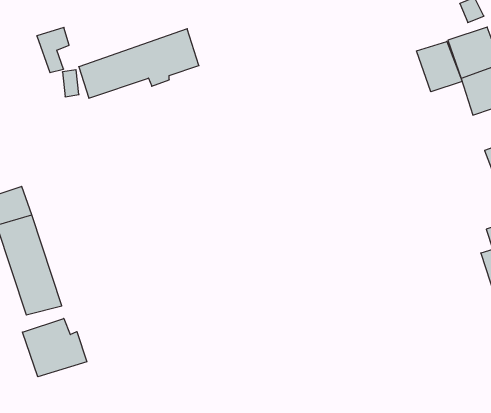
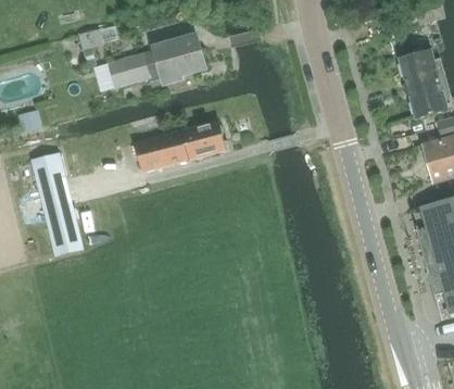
building: [417,41,462,92] -> none
building: none -> [134,121,225,172]
building: [22,318,87,377] -> none

